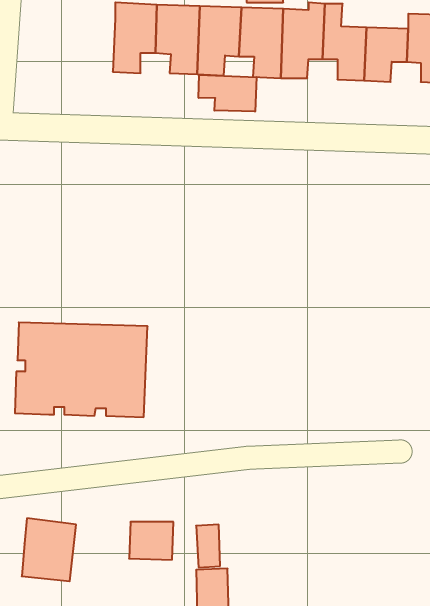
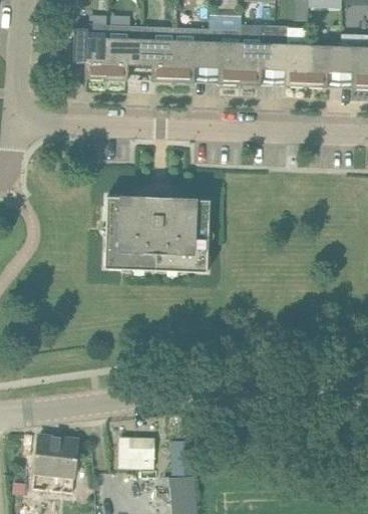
building: none -> [73,28,108,79]
building: [199,75,257,112] -> none
building: [15,322,148,417] -> [104,196,210,271]

